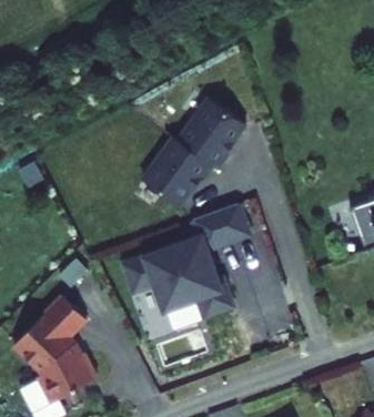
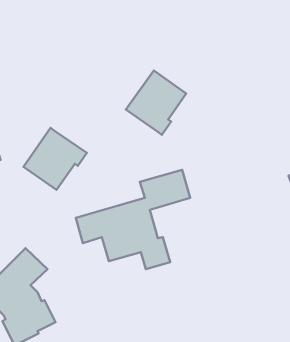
building: [142,138,212,206] -> [24,128,87,190]

